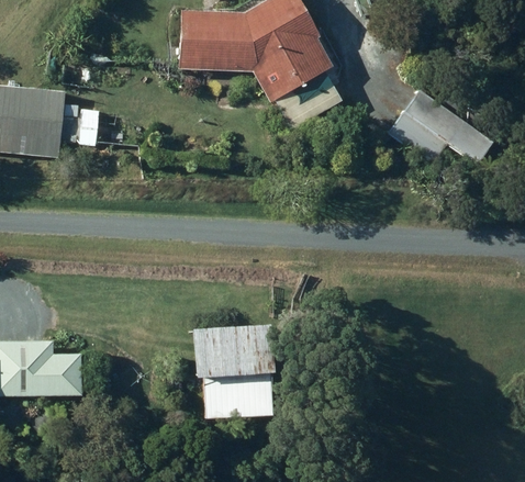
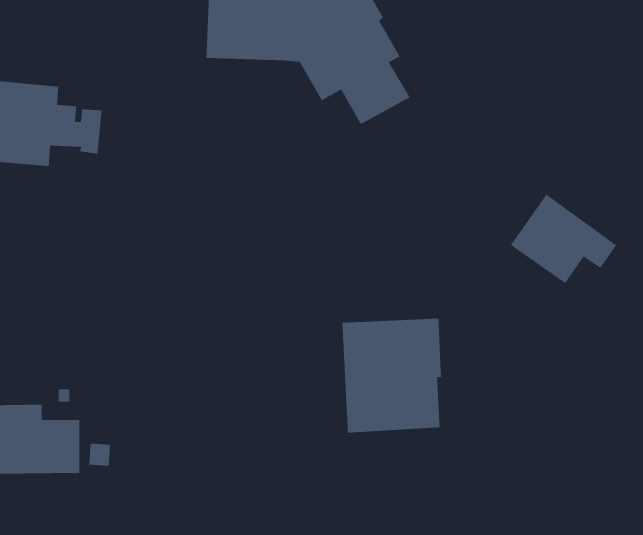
building: [388,91,472,162] -> [510,194,617,284]
building: [194,328,273,419] -> [342,318,442,433]

